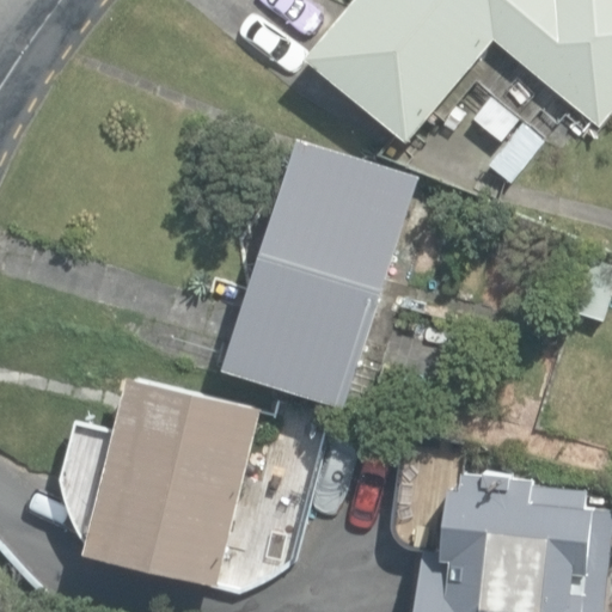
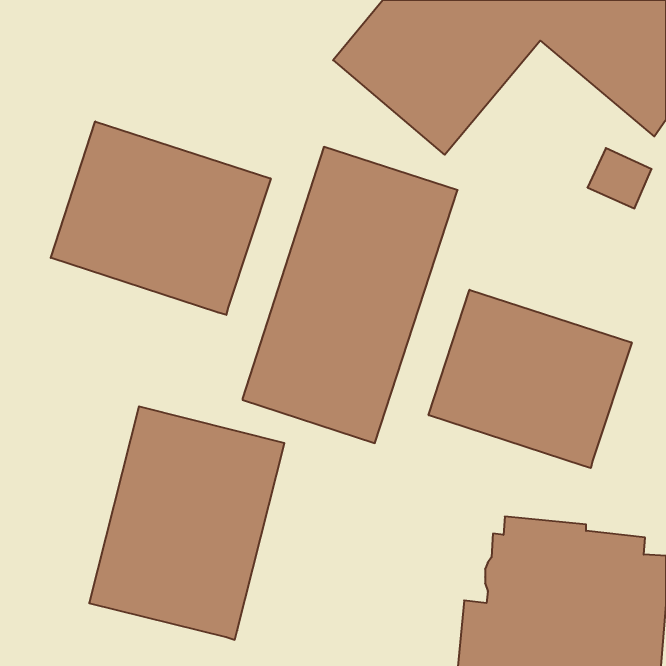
building: none -> [51,121,271,315]
building: none -> [429,290,632,468]

